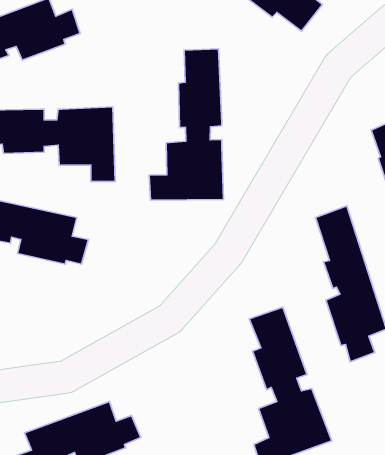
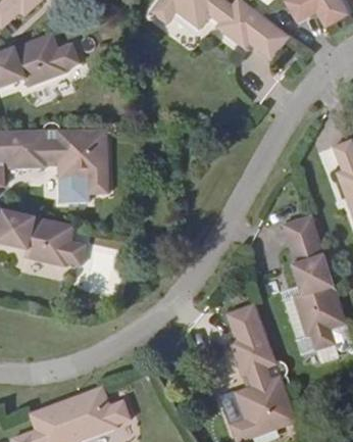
building: [149,49,224,200] -> none

